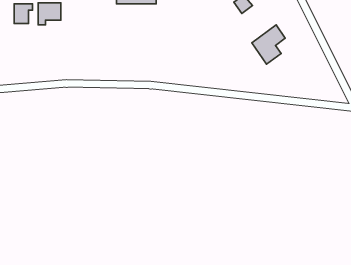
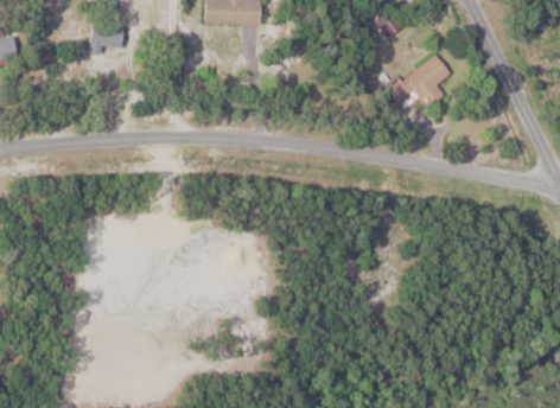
building: [14,4,32,24] -> none

